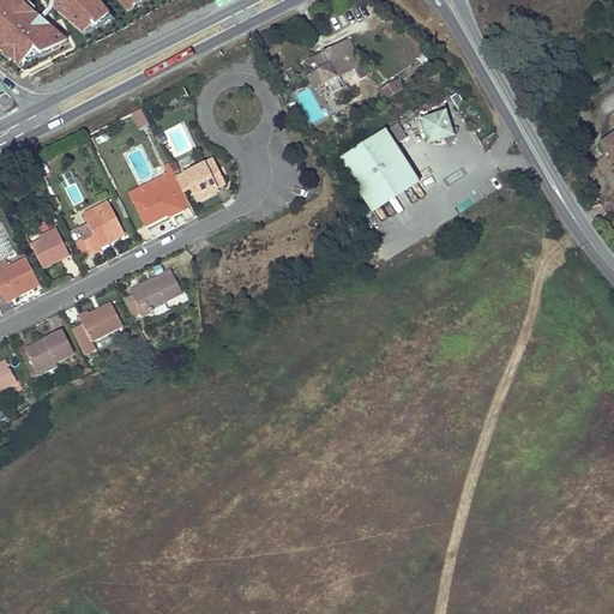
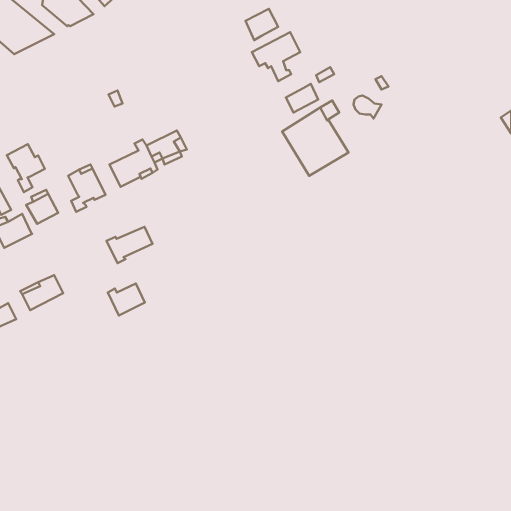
building: none -> [245,9,278,40]
building: none -> [286,84,318,112]
building: none -> [7,144,45,192]
building: [79,301,124,339] -> [108,283,145,316]

